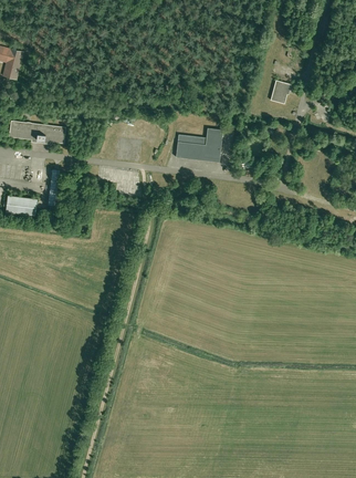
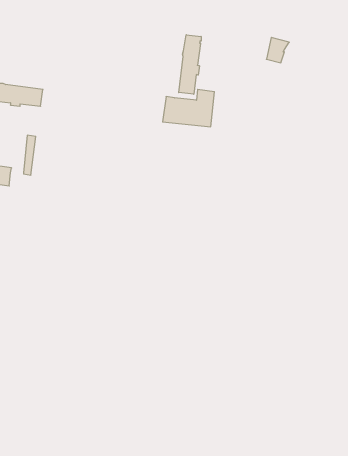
building: none -> [179,35,201,94]

